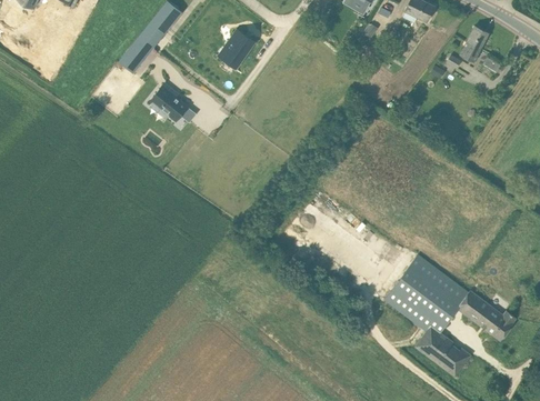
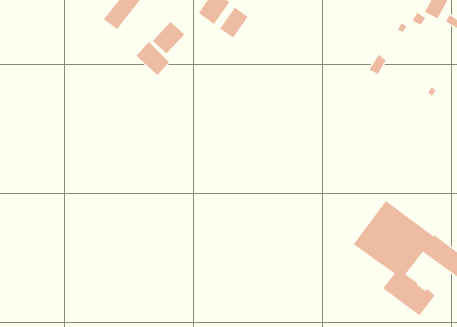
building: none -> [219,7,248,38]
building: none -> [152,21,185,54]

